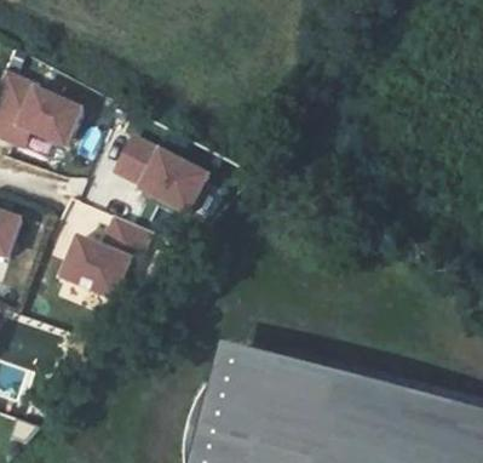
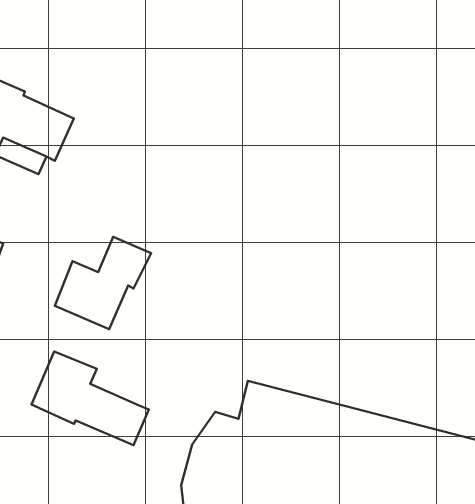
building: [115,135,208,216] -> none
building: none -> [31,351,149,445]

